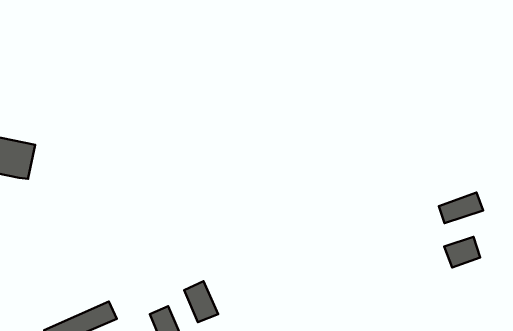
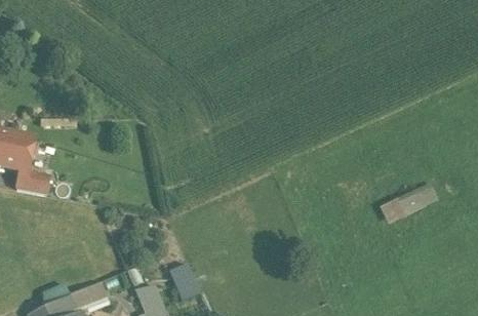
building: none -> [15,168,48,192]
building: [444,237,480,268] -> none

